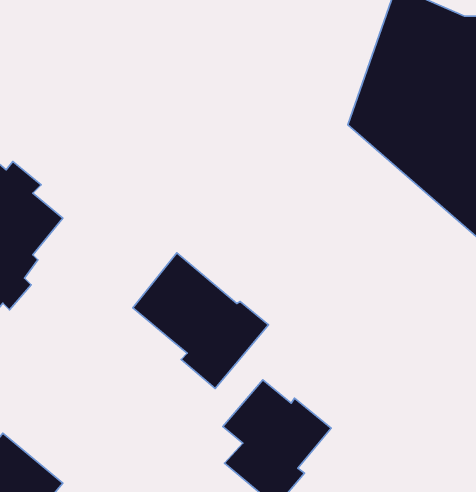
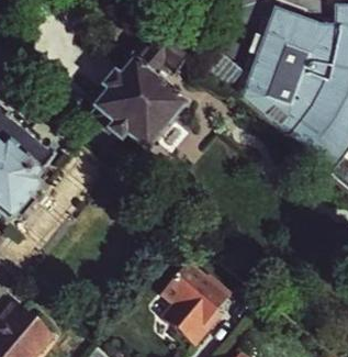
building: none -> [88,19,189,145]
building: [133,253,268,389] -> none

